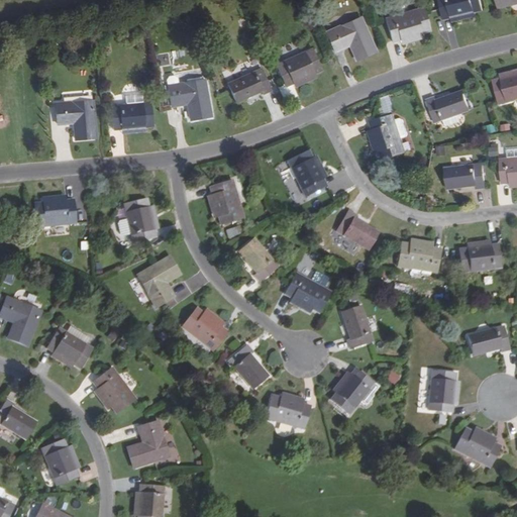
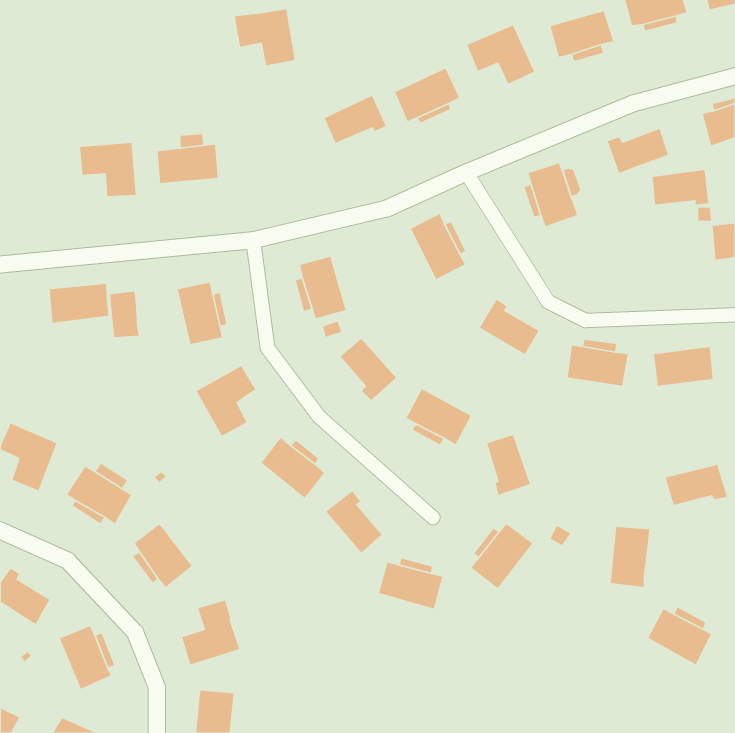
building: [168,79,211,119] -> [234,9,296,66]
building: [445,163,486,188] -> [652,169,709,205]
building: none -> [109,291,140,338]

